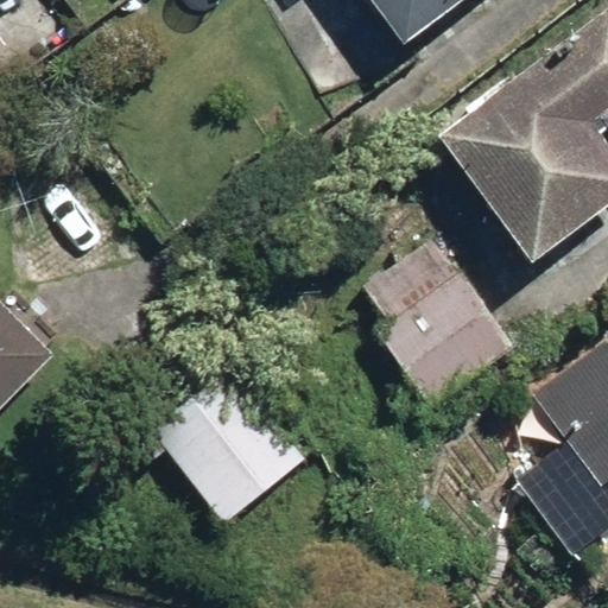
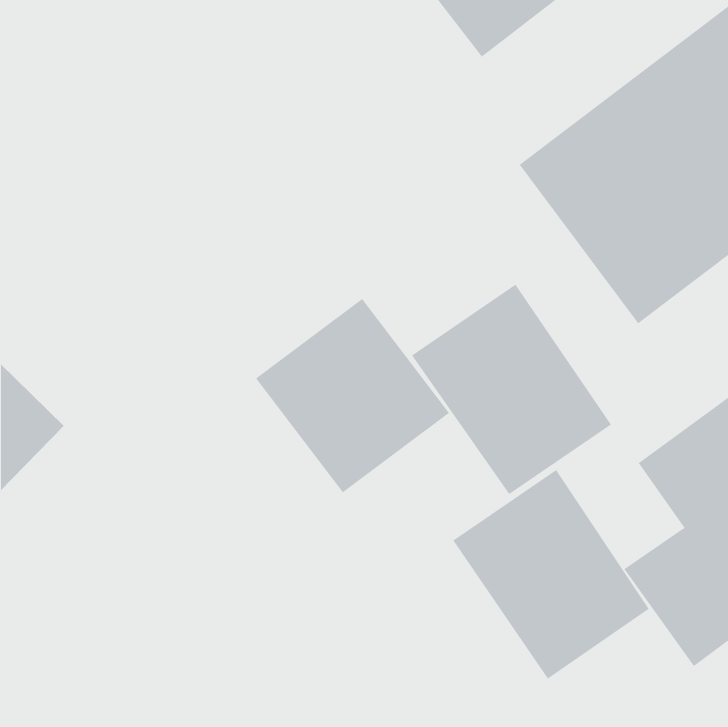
building: [151,363,312,525] -> [255,298,450,493]
building: none -> [452,469,650,679]

